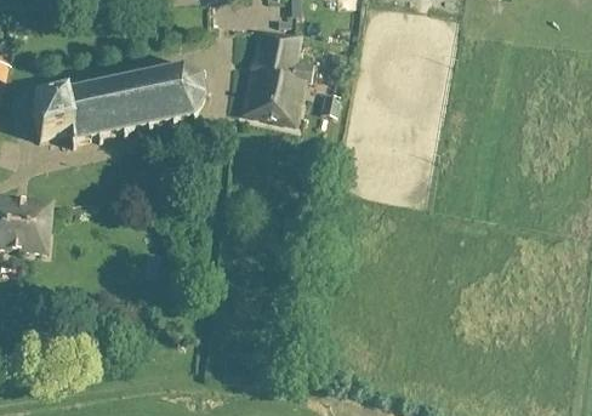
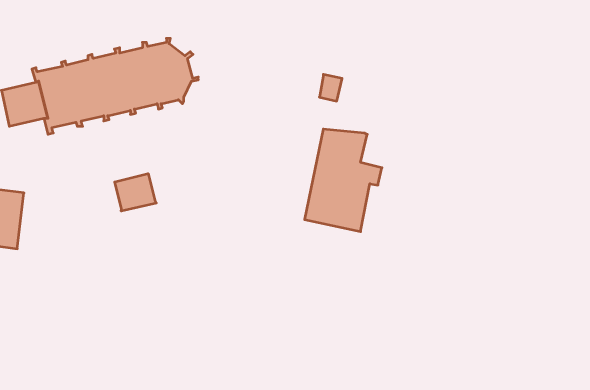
building: [243,29,313,122] -> [305,129,382,232]
building: none -> [115,174,156,211]

